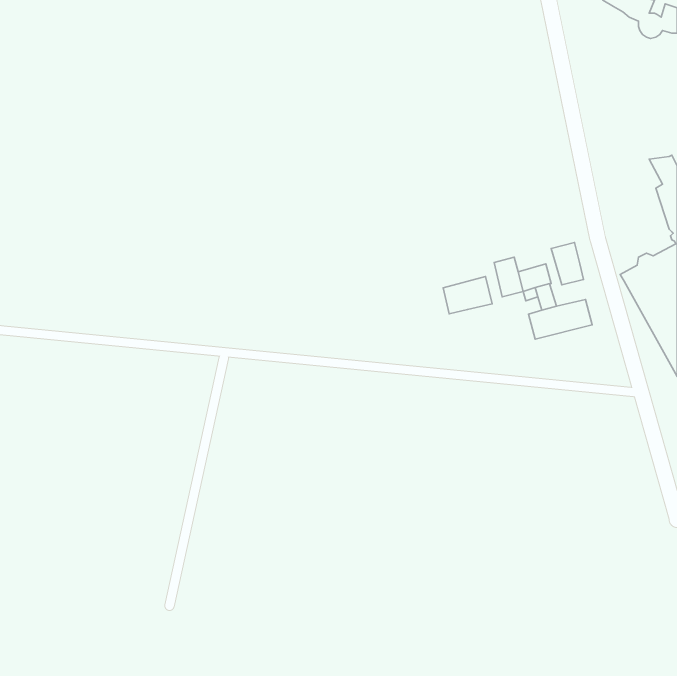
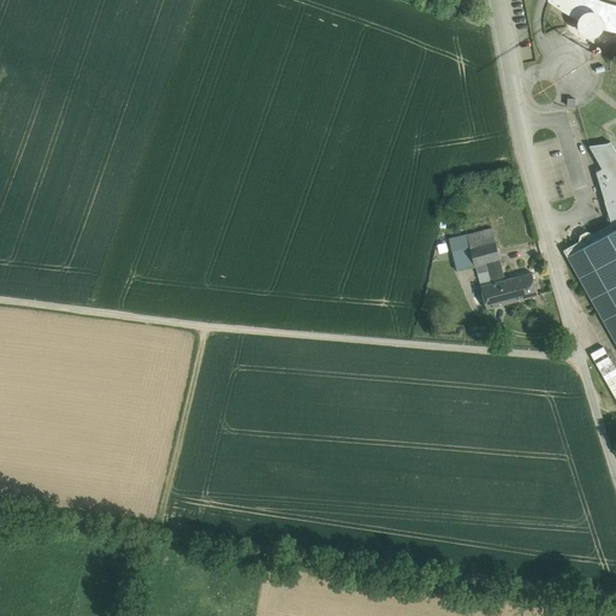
building: [551,242,584,285] -> none
building: [443,277,492,314] -> none

